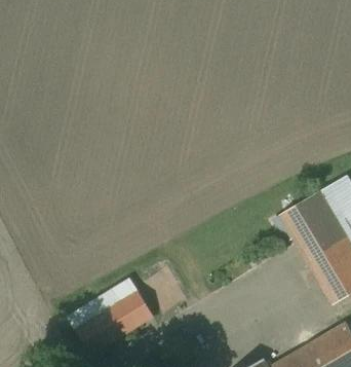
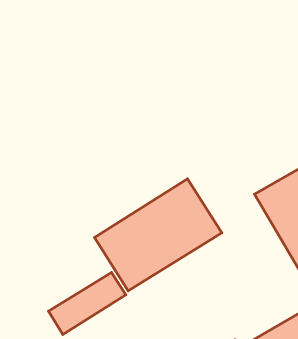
building: none -> [95,179,222,291]

